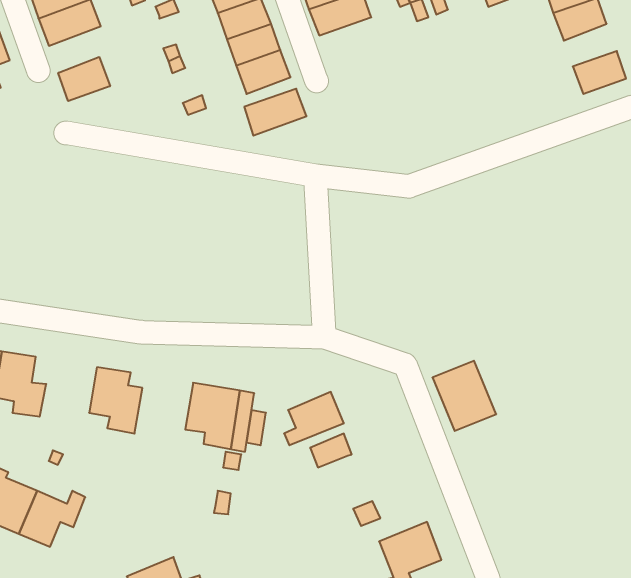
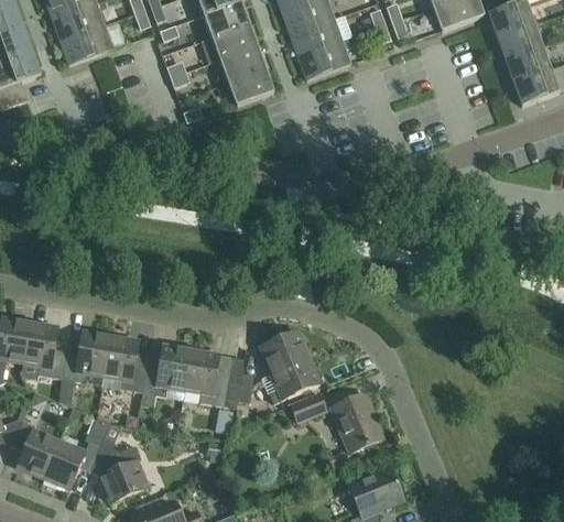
building: none -> [505,44,550,80]
building: [58,57,110,101] -> none
building: [244,89,307,136] -> [297,39,350,78]
building: none -> [61,329,109,381]
building: none -> [260,329,307,371]
building: [432,361,496,431] -> [329,391,383,450]
building: none -> [139,344,191,405]
building: none -> [89,435,147,501]

